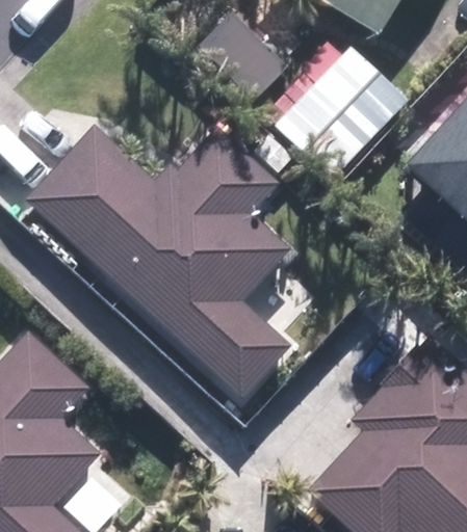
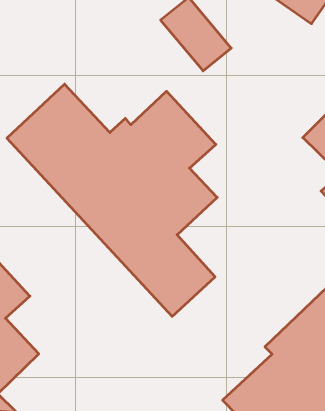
building: [285,60,398,174] -> none

